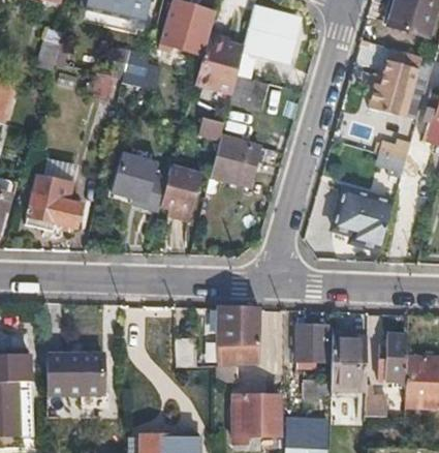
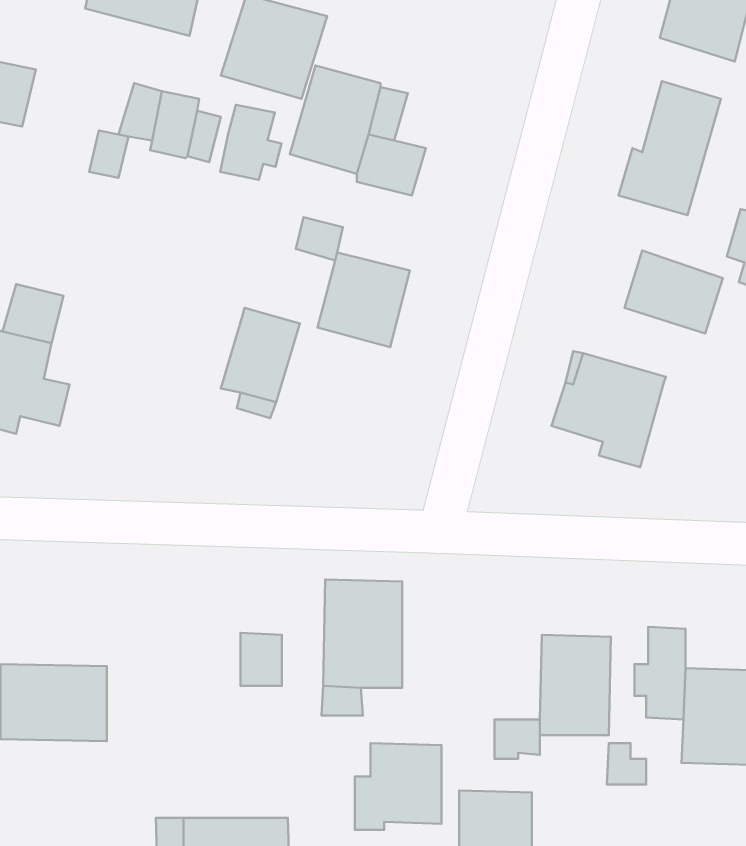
building: [246,9,296,57] -> none
building: none -> [220,105,282,180]
building: [113,151,173,212] -> none
building: [294,326,325,368] -> none

